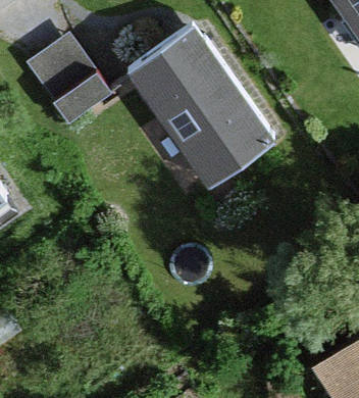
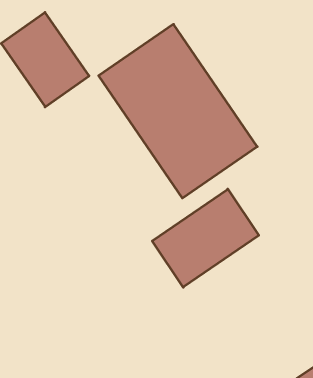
building: none -> [152,189,259,287]

